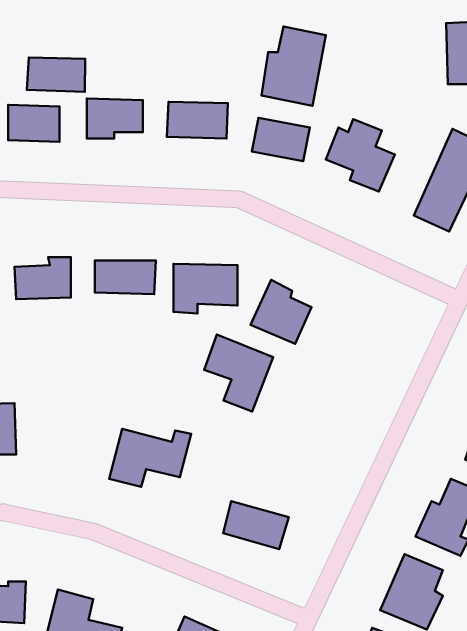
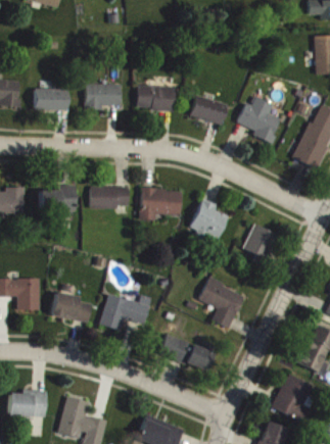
building: [262,27,326,106] -> none
building: [27,58,85,92] -> none
building: none -> [243,225,275,264]
building: [204,335,273,412] -> [199,279,243,328]
building: none -> [51,292,91,324]

